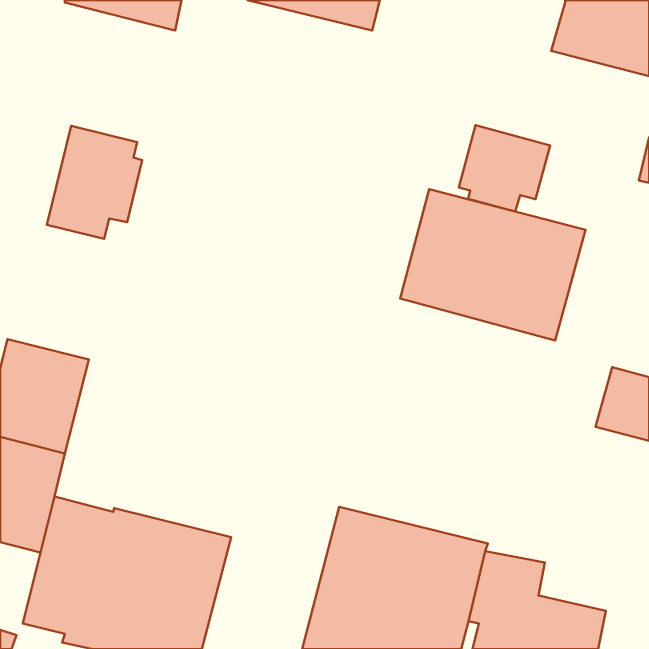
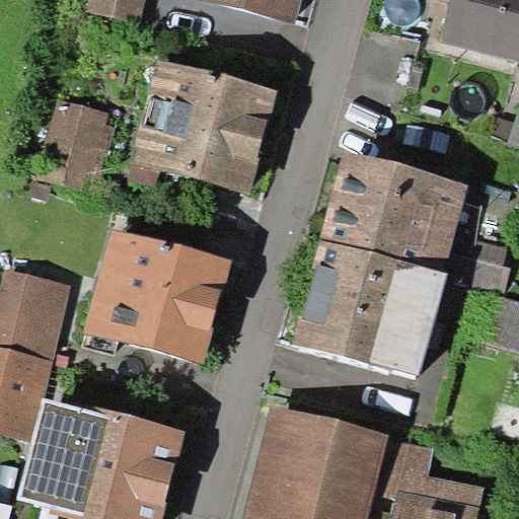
building: none -> [133,60,277,193]
building: [459,125,550,212] -> none
building: none -> [85,228,232,363]
building: none -> [292,238,448,376]

